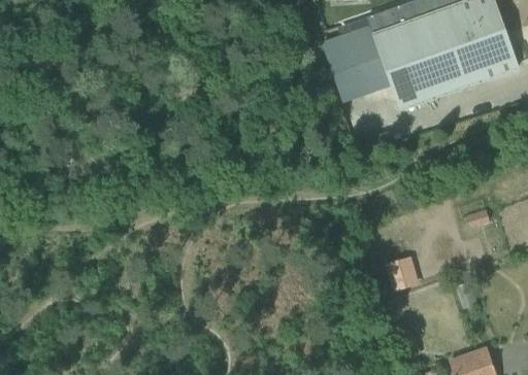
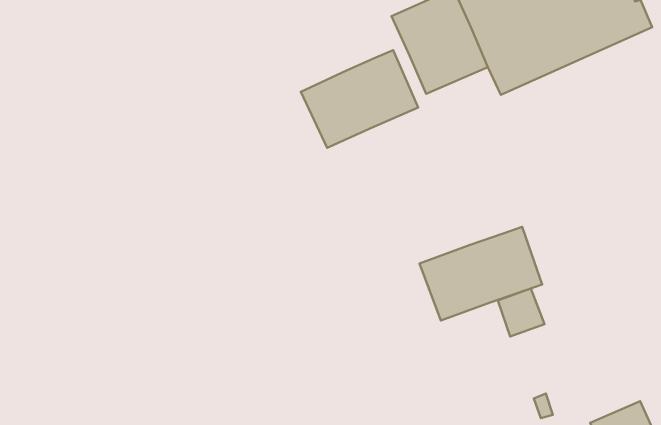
building: none -> [301,50,418,148]
building: none -> [419,227,542,320]

